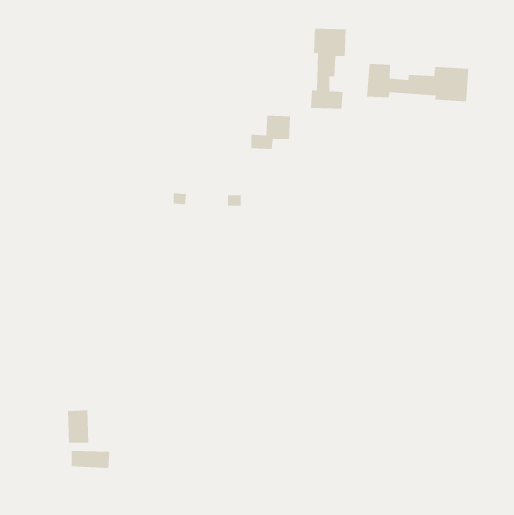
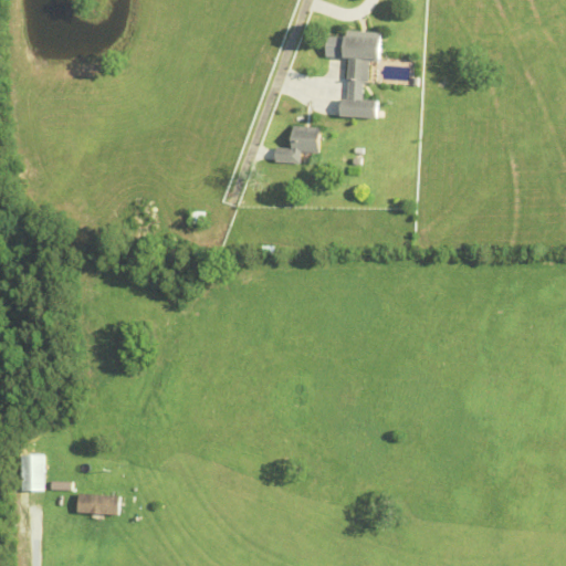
building: [367,63,469,102] -> none
building: [67,410,89,443] -> [20,455,44,492]

